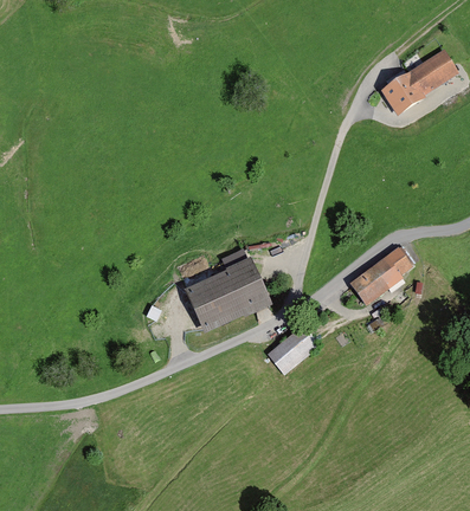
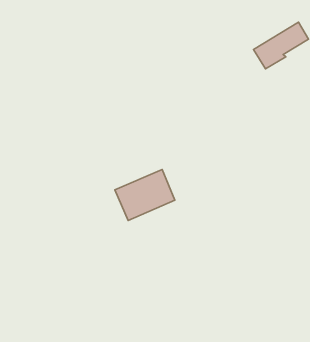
building: [345,245,413,308] -> none
building: [268,326,318,375] -> none

